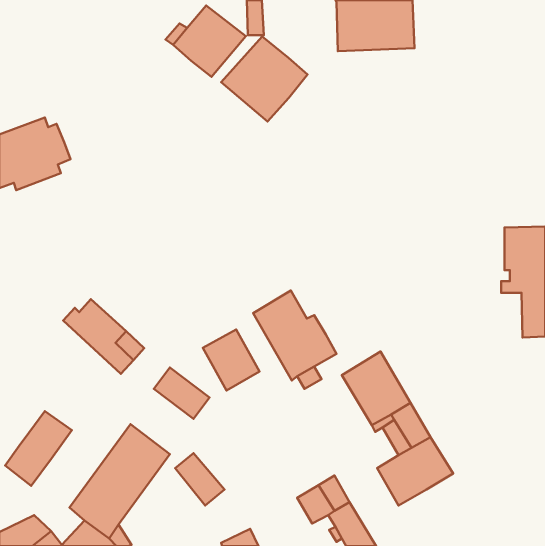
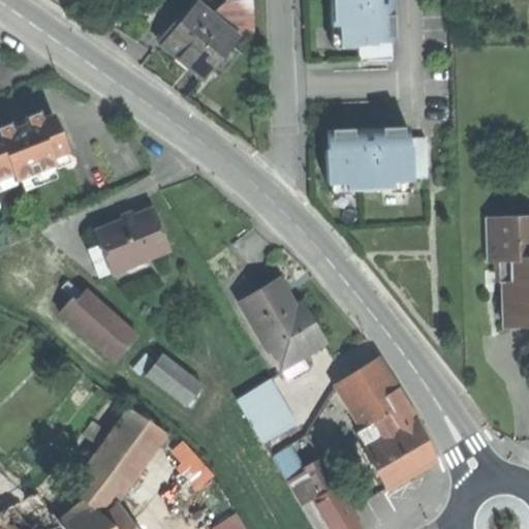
building: [221,36,307,121] -> none
building: none -> [321,126,419,197]
building: none -> [97,209,173,274]
building: [203,330,260,391] -> [240,382,294,441]
building: [5,411,72,486] -> none

